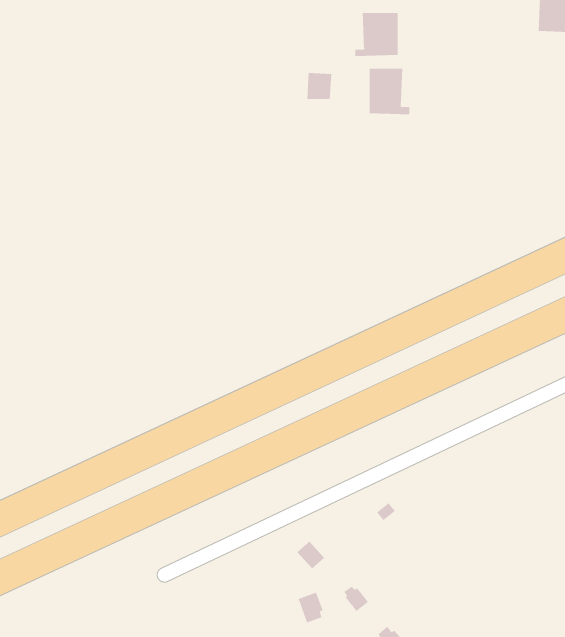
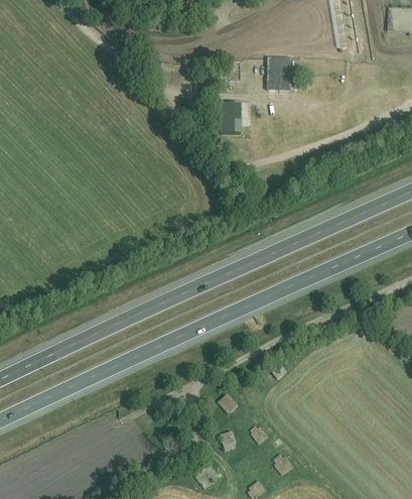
building: [355,12,398,57] -> none
building: none -> [220,103,241,136]

